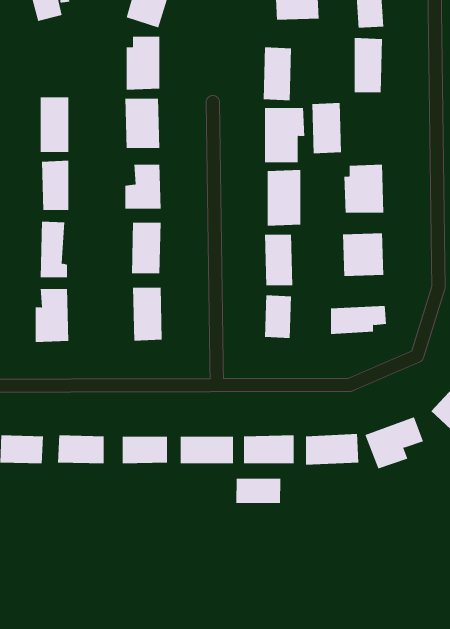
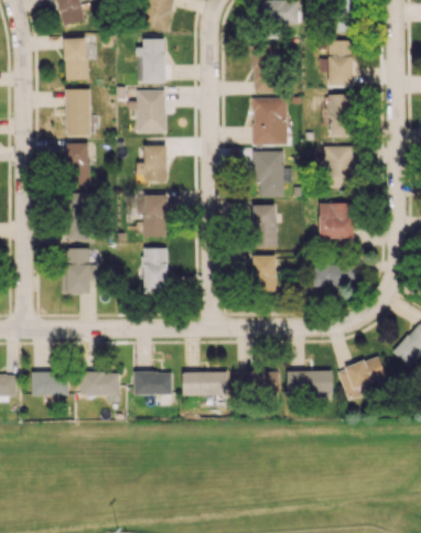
building: none -> [64,37,88,80]
building: [312,102,342,154] -> [328,94,354,137]
building: [236,478,281,504] -> none

